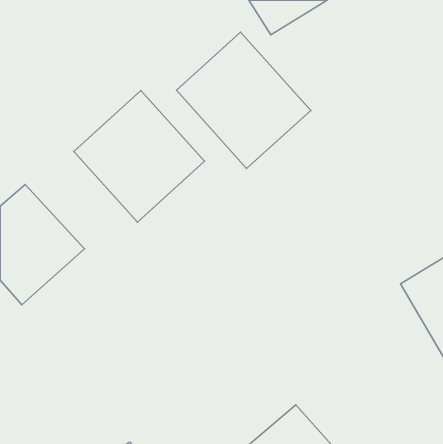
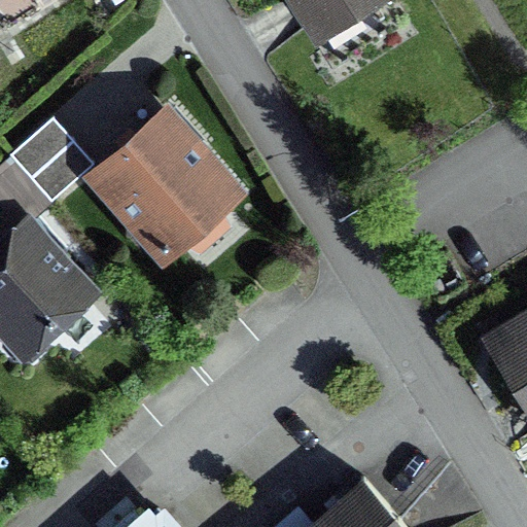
building: [176,32,311,168] -> none
building: none -> [12,115,98,202]

